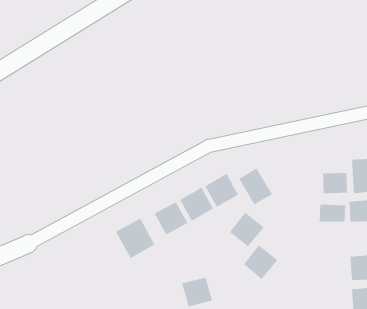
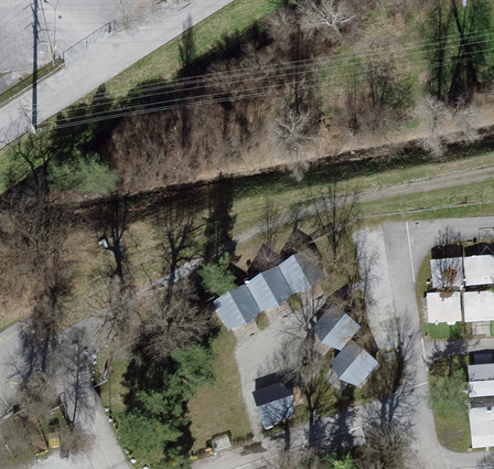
building: [239,167,273,205] -> none
building: [115,218,155,259] -> none

